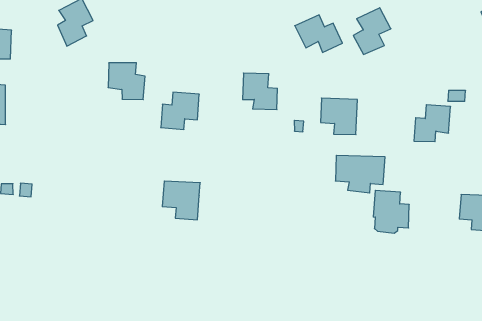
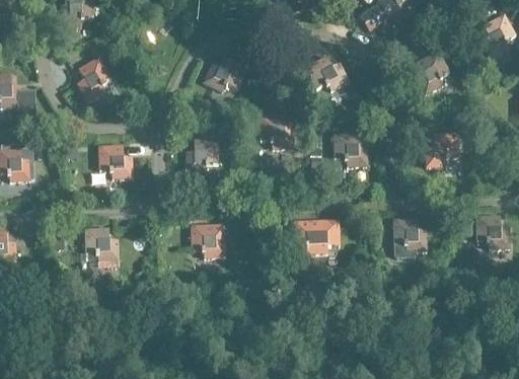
building: [353,8,391,54] -> [413,50,448,95]
building: none -> [202,56,247,92]
building: [108,63,145,100] -> [96,144,132,179]
building: [335,155,385,193] -> [292,219,339,254]
building: none -> [83,227,119,261]

